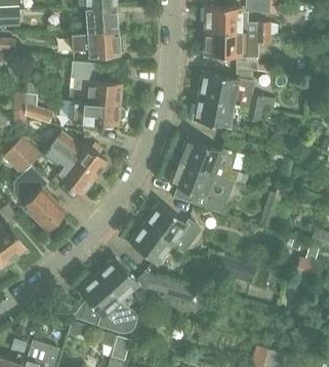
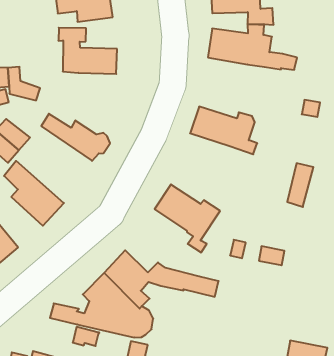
building: [194,95,261,129] -> none
building: [71,99,119,126] -> none
building: [43,146,93,195] -> none
building: [171,160,233,212] -> none
building: [128,223,171,266] -> none

